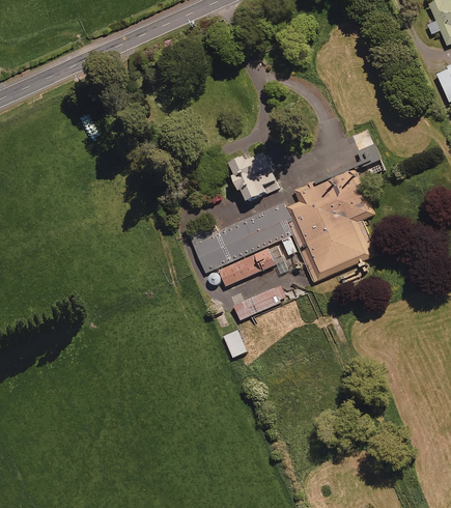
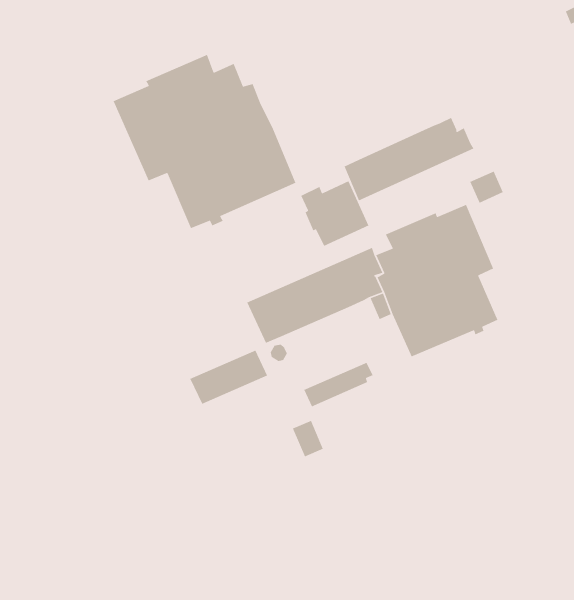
building: none -> [113,54,296,229]
building: none -> [344,117,475,202]
building: [217,246,276,287] -> [189,349,268,405]

